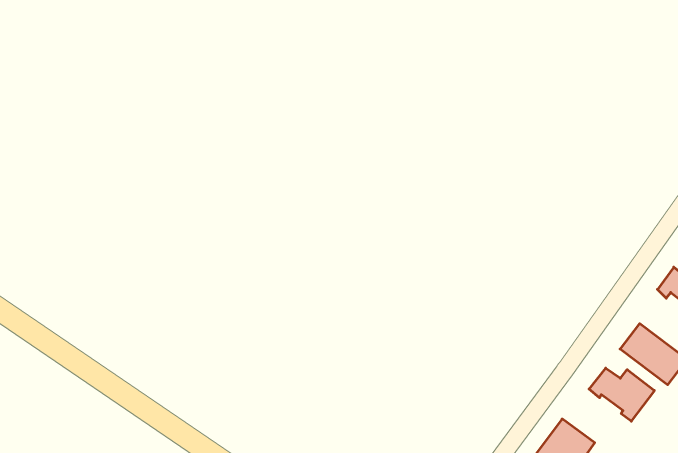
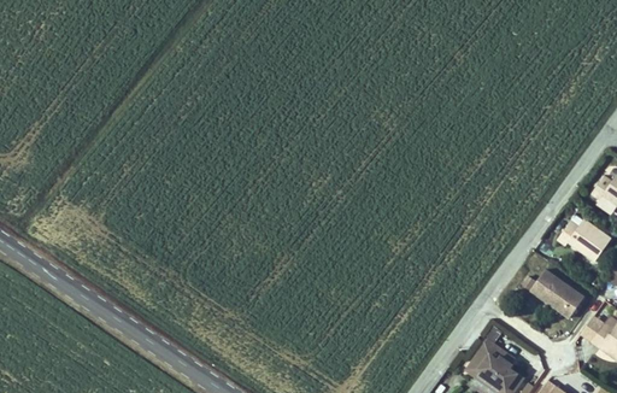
building: [589,368,654,421] -> none

